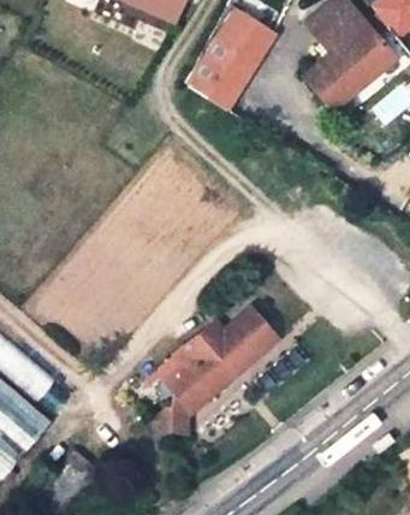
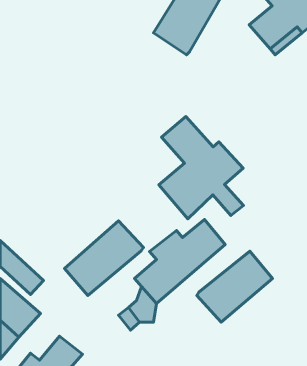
building: none -> [159,117,244,219]
building: none -> [65,221,144,295]
building: none -> [197,251,273,322]

